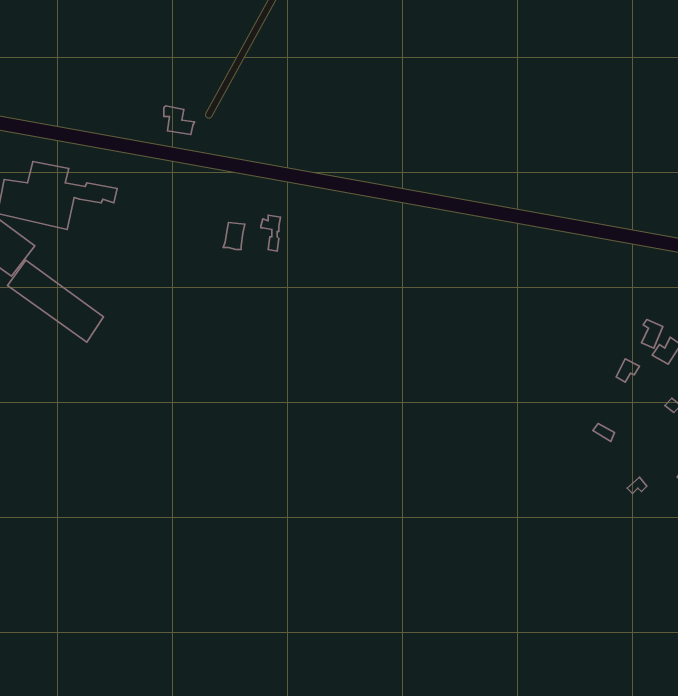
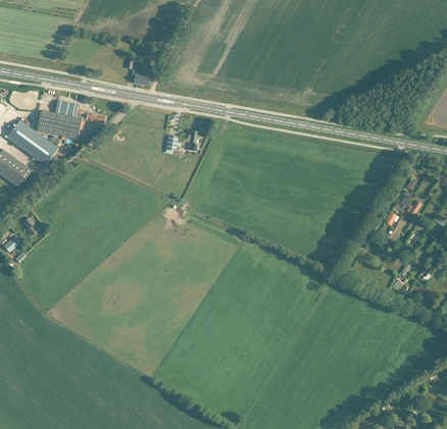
building: [7,260,103,342] -> none

